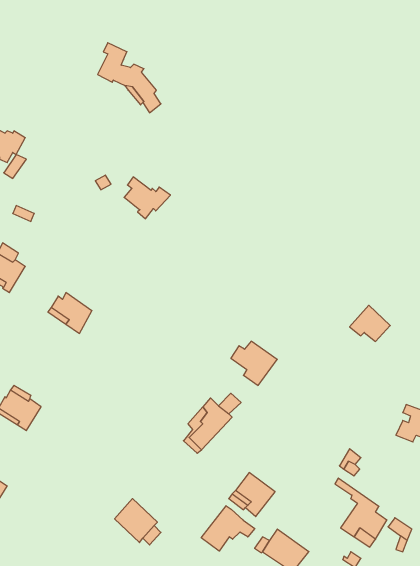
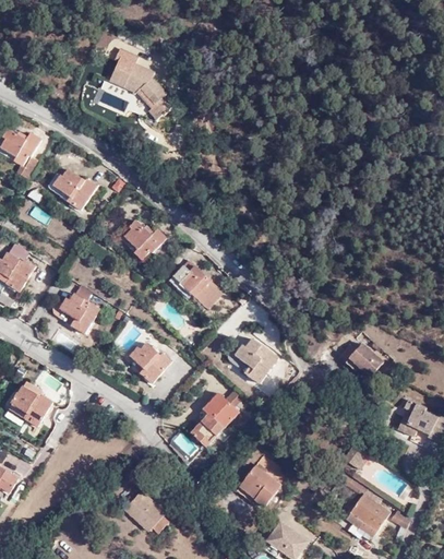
building: none -> [51,169,96,209]
building: [124,177,170,219] -> [122,219,167,260]
building: none -> [178,263,220,314]
building: [350,305,390,341] -> [346,345,385,380]
building: none -> [131,341,172,381]
building: [201,506,255,551] -> none

